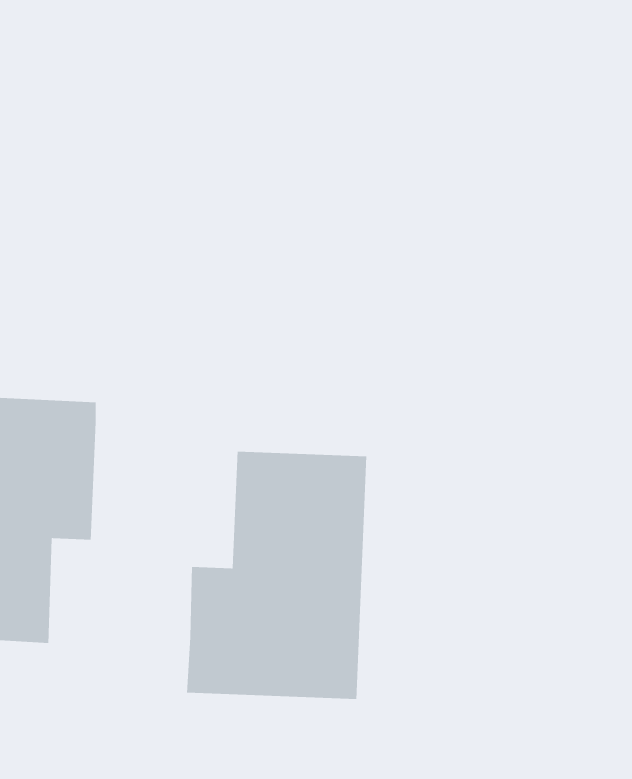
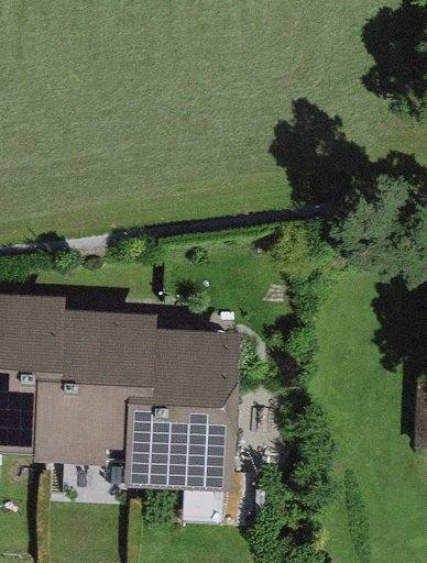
building: none -> [36,313,158,468]

